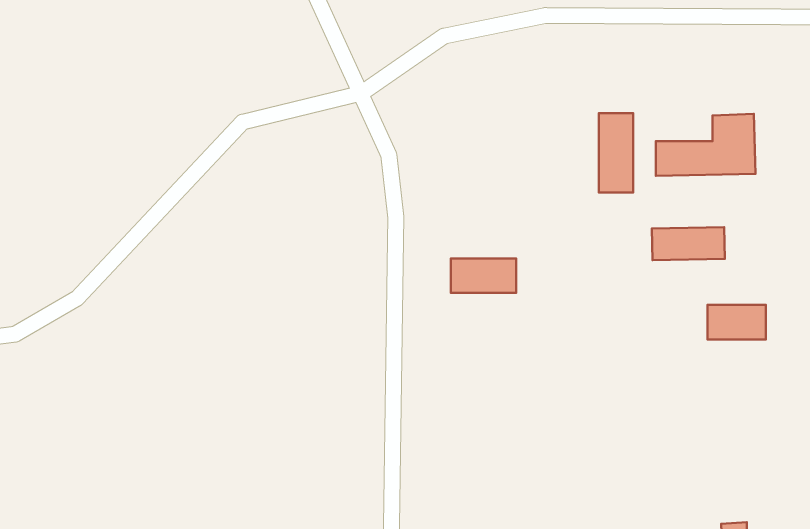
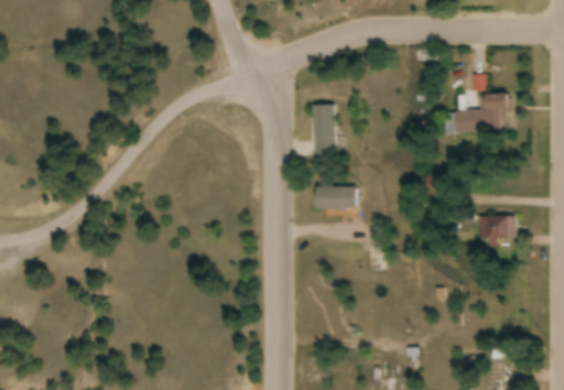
building: [599,113,633,192] -> [313,105,335,155]
building: [652,227,725,260] -> none

